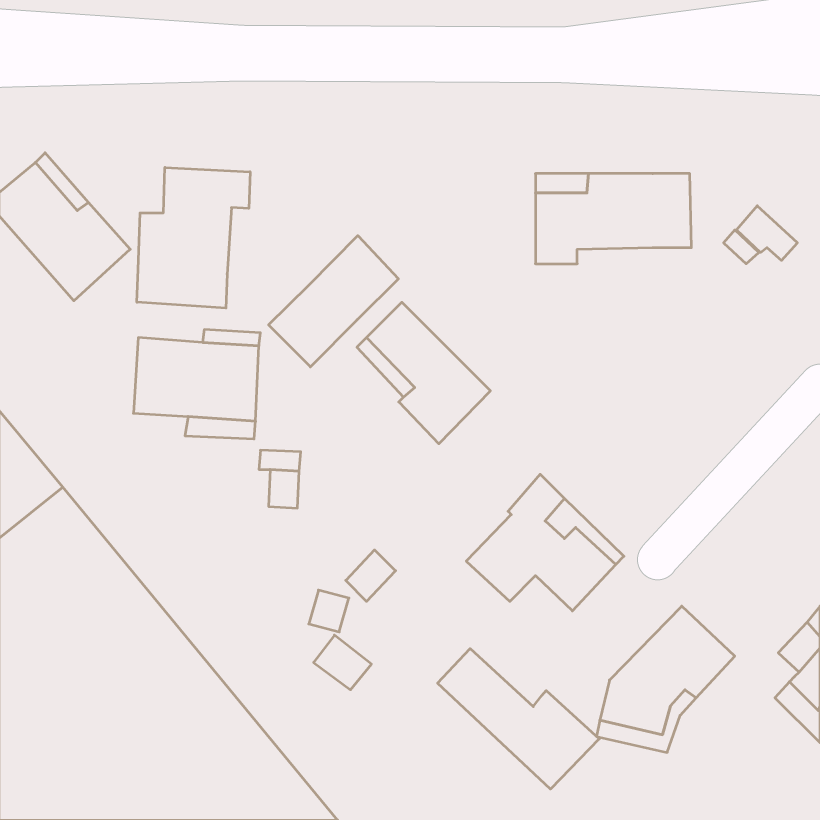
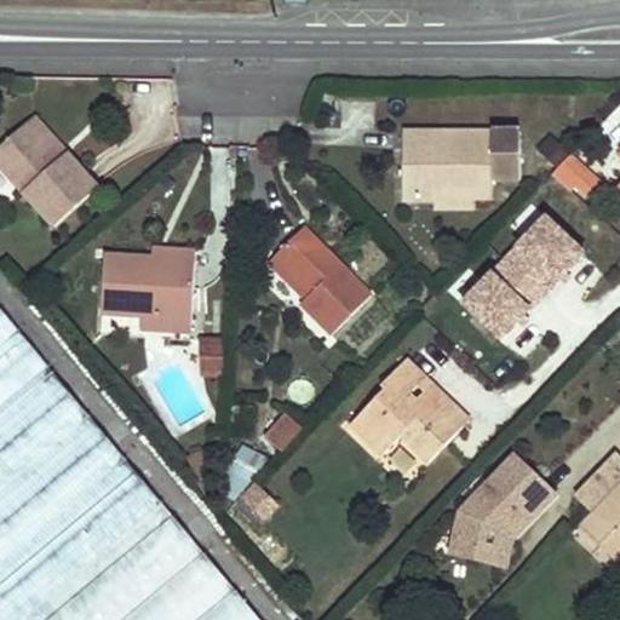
building: [137,167,250,308] -> none
building: [269,236,398,367] -> none
building: none -> [452,202,584,341]
building: [438,649,599,789] -> none

